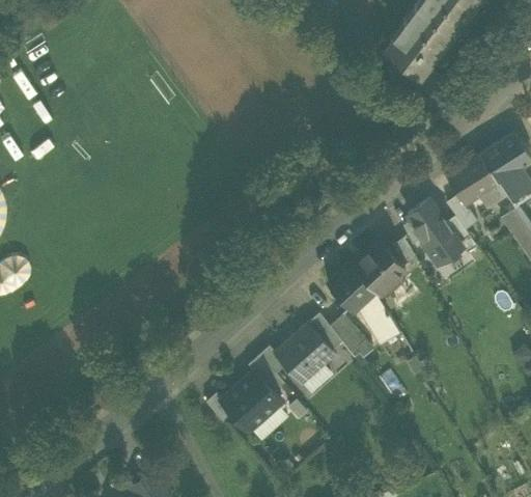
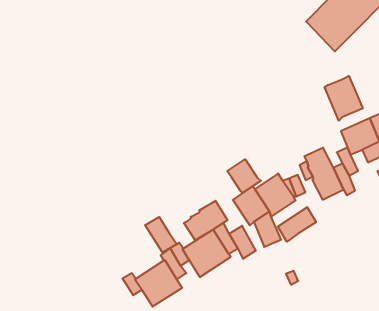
building: none -> [325,76,363,121]
building: none -> [227,159,261,193]
building: none -> [278,207,316,242]
building: none -> [184,201,228,240]
building: none -> [145,217,177,252]

